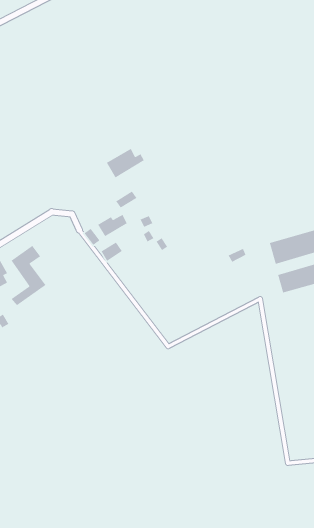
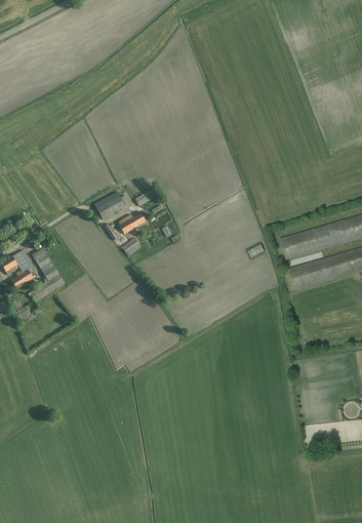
building: [106,148,145,179] -> [91,189,129,218]

